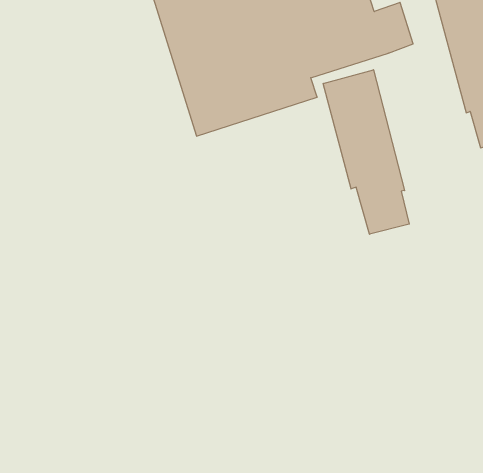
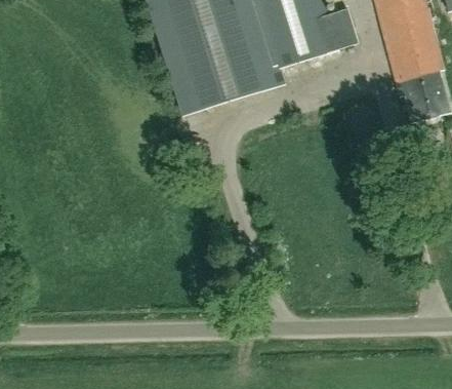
building: [323,70,409,234] -> none

